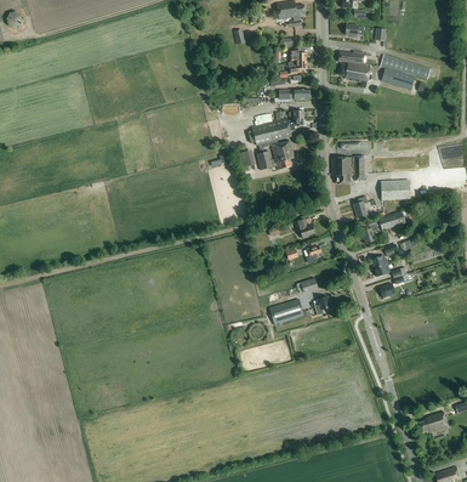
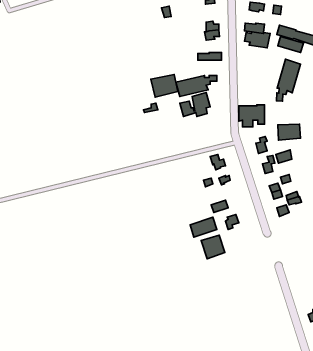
building: none -> [277,59,300,101]
building: none -> [151,75,178,97]
building: none -> [201,235,225,259]

